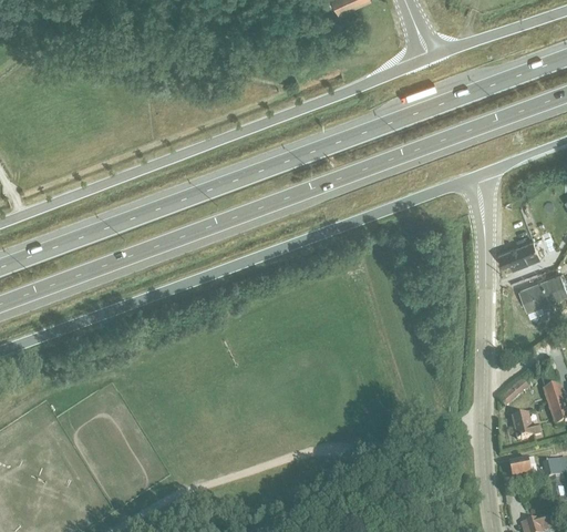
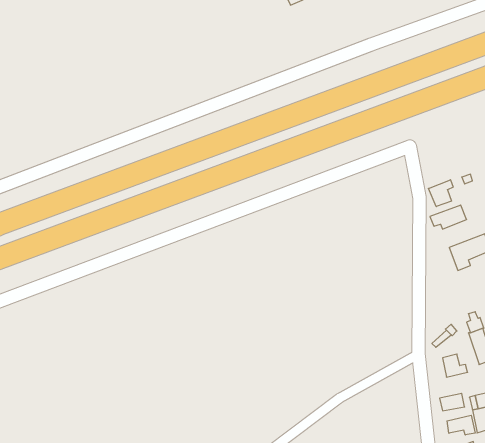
building: none -> [428,180,453,207]
building: none -> [447,415,475,435]

